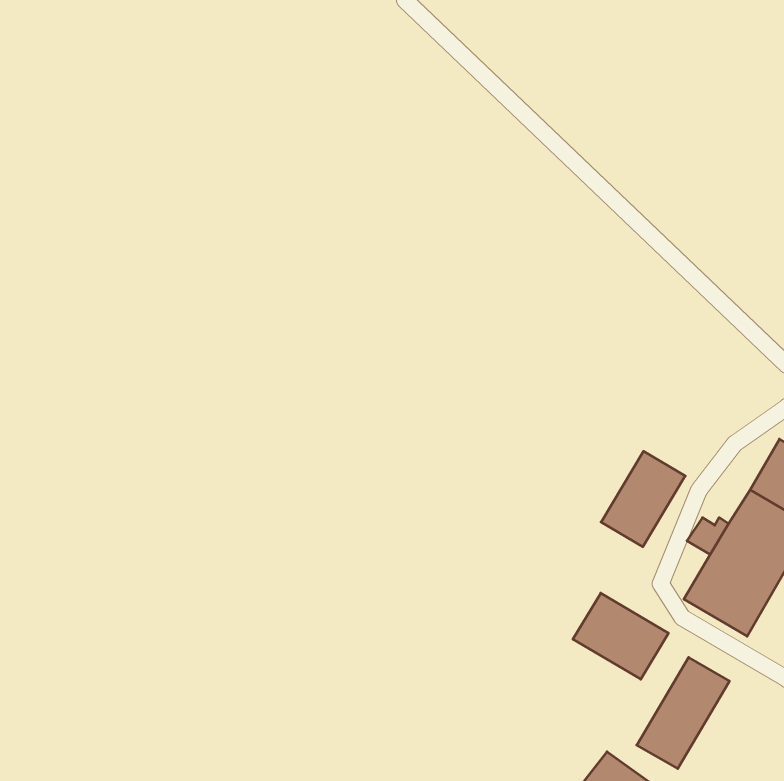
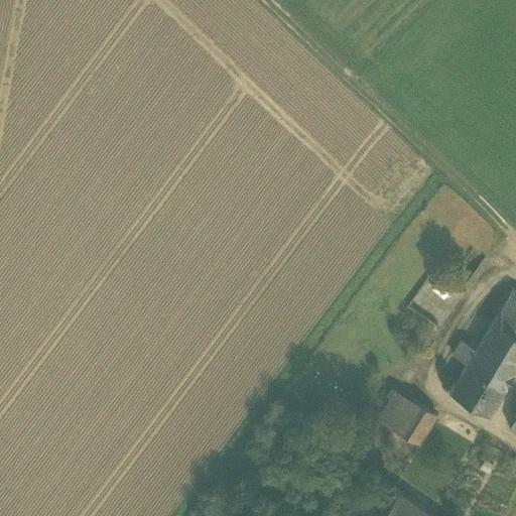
building: [601,451,685,547] -> none
building: [637,657,729,769] -> none

